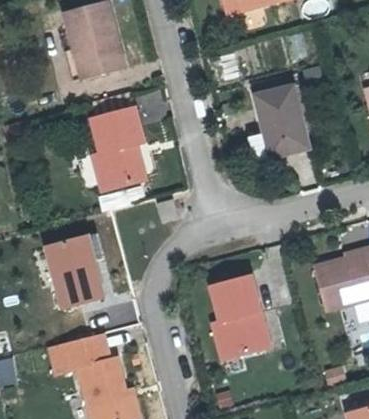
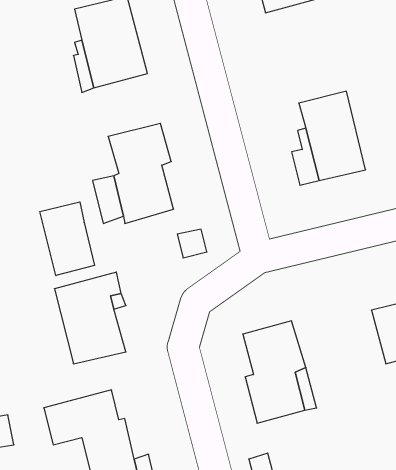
building: none -> [40,202,94,276]

